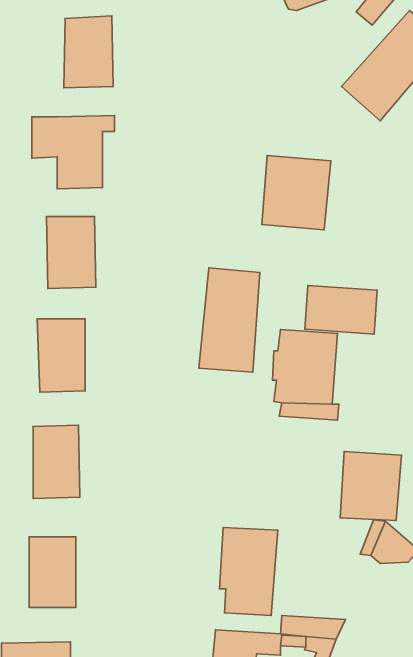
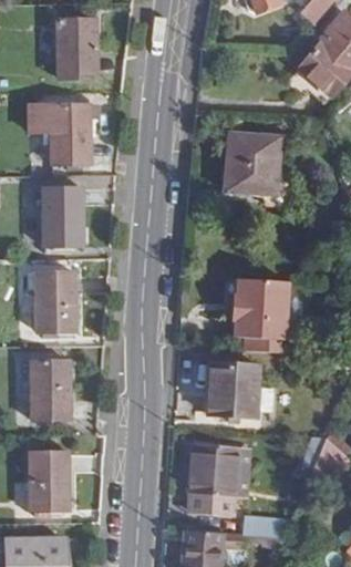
building: [199,268,260,372] -> none
building: [305,285,377,334] -> none
building: [340,451,401,520] -> [207,361,258,419]

